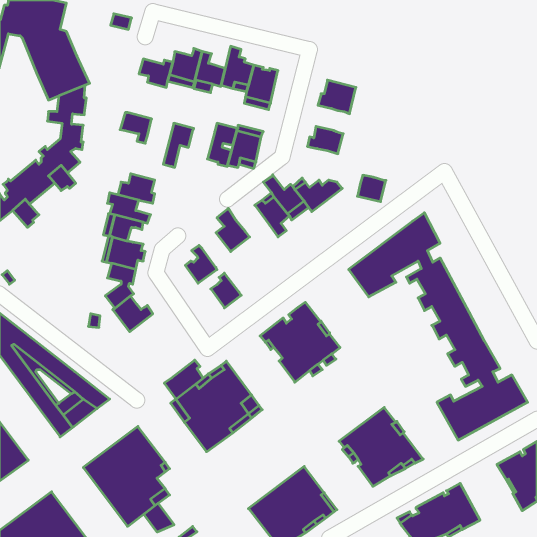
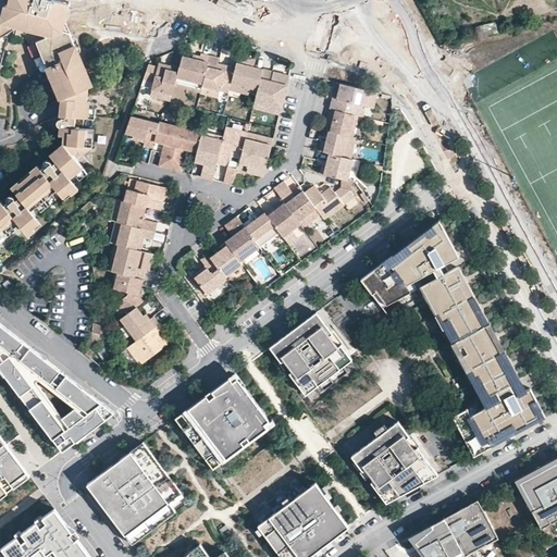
building: none -> [324,110,356,137]
building: none -> [152,122,180,171]
building: none -> [193,132,222,182]
building: [357,175,386,202] -> [322,154,351,182]
building: none -> [244,213,278,242]
building: [211,273,241,308] -> [209,242,240,277]
building: [164,360,203,399] -> [126,325,166,366]
building: [144,503,174,532] -> none

